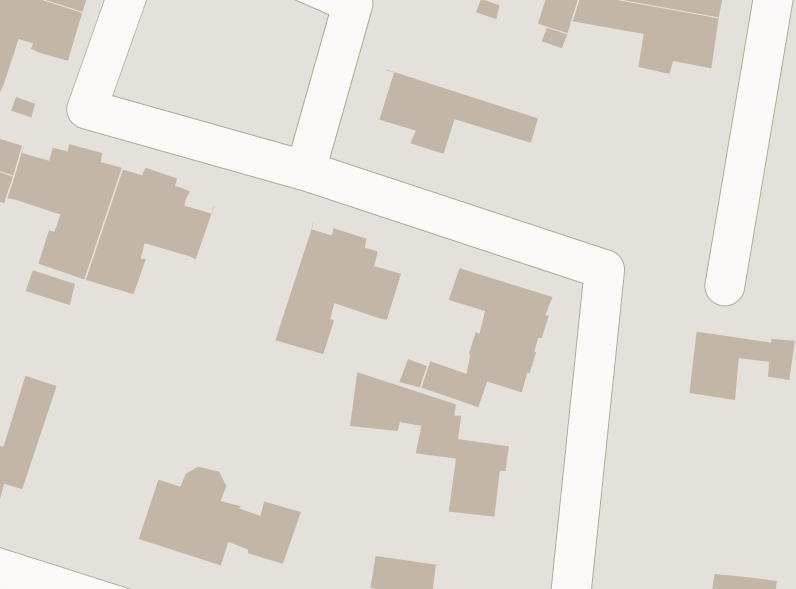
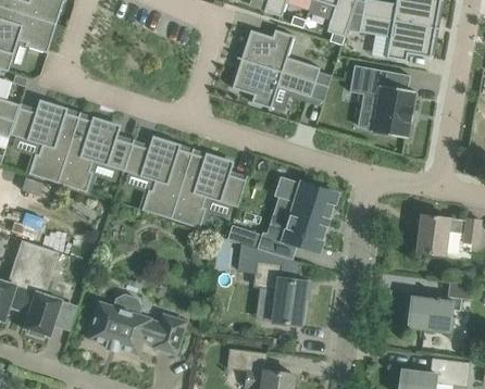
building: none -> [236,29,331,87]
building: none -> [349,65,415,138]
building: none -> [123,138,192,219]
building: none -> [20,247,61,338]
building: none -> [407,281,473,332]

